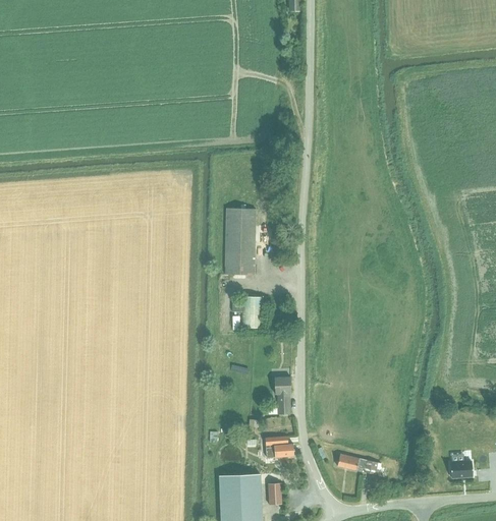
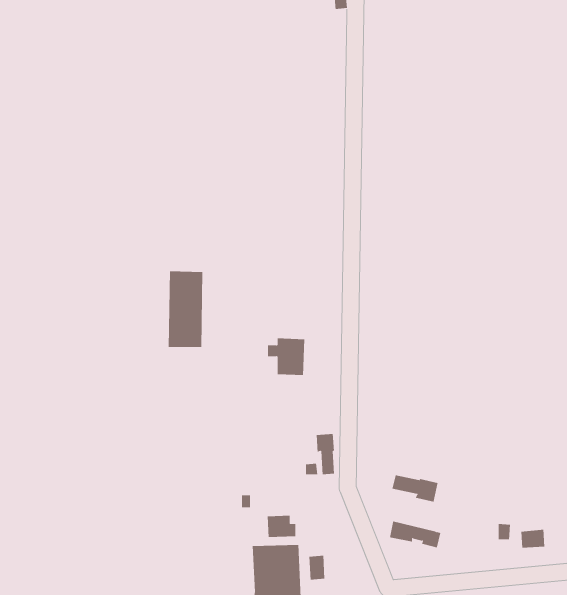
building: [225,208,256,274] -> [168,271,203,348]
building: none -> [392,475,438,502]
building: [268,437,293,456] -> [267,515,296,538]

